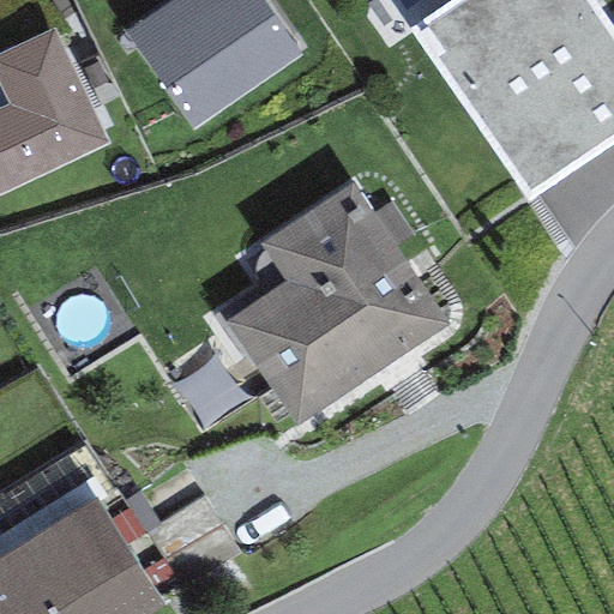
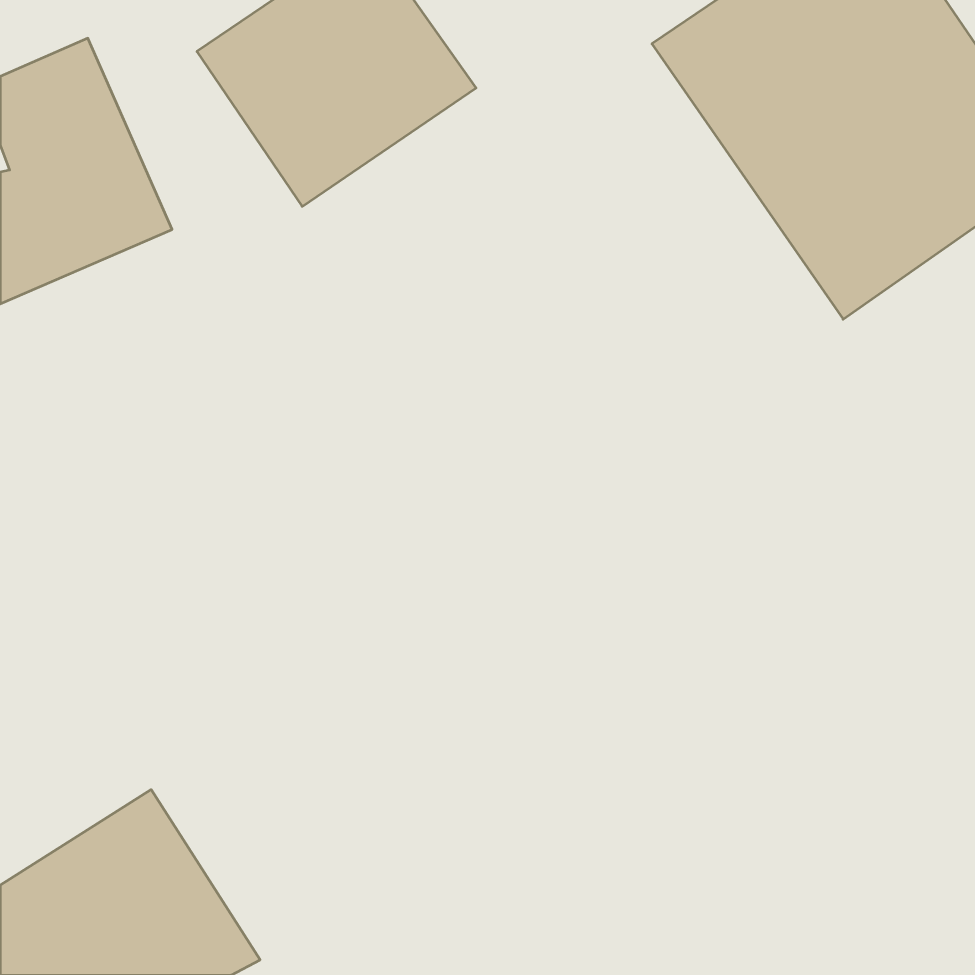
building: [225,181,447,426] -> none

